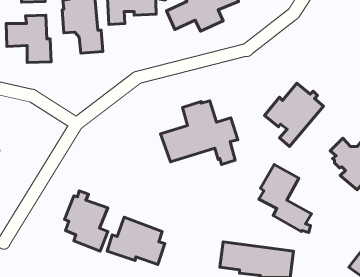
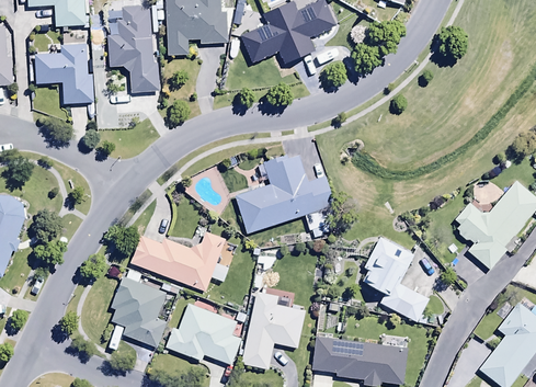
building: [265,83,323,146] -> none
building: none -> [130,231,226,292]
building: none -> [241,292,305,368]

